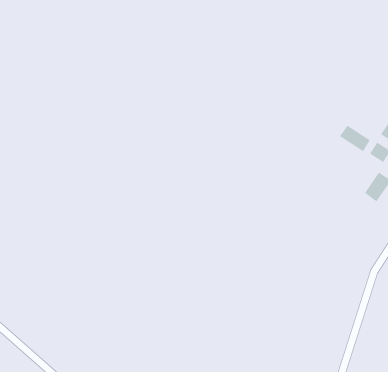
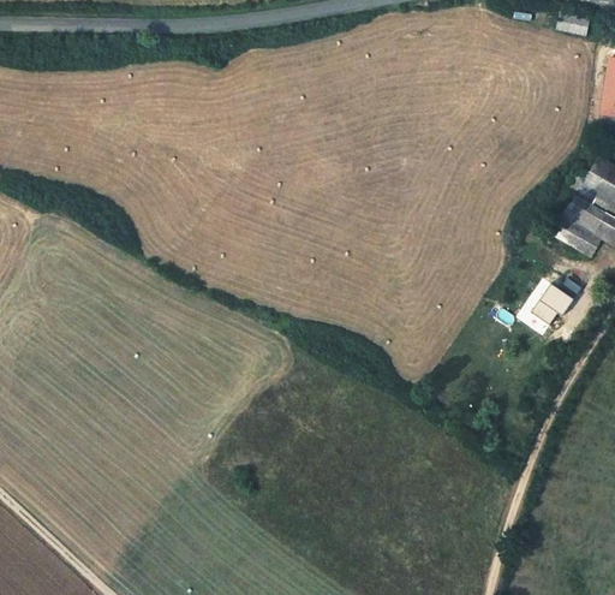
building: [339,125,371,152] -> none

